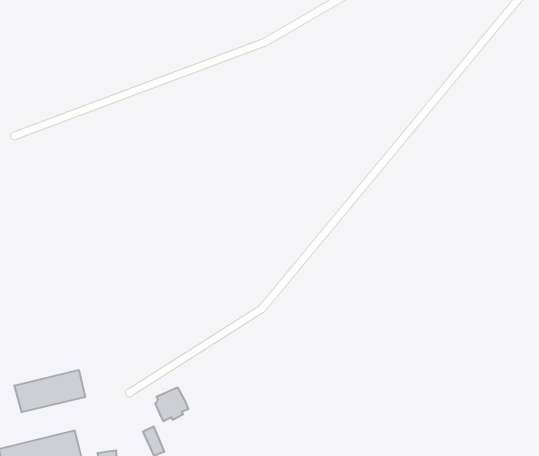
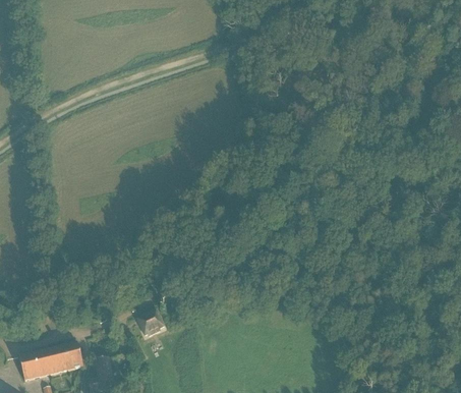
building: [14,370,85,412] -> none

